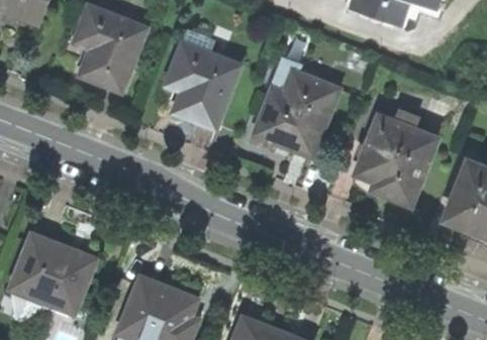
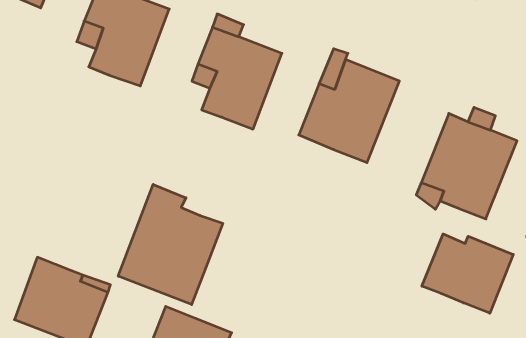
building: none -> [118,184,223,305]
building: none -> [422,234,513,313]

